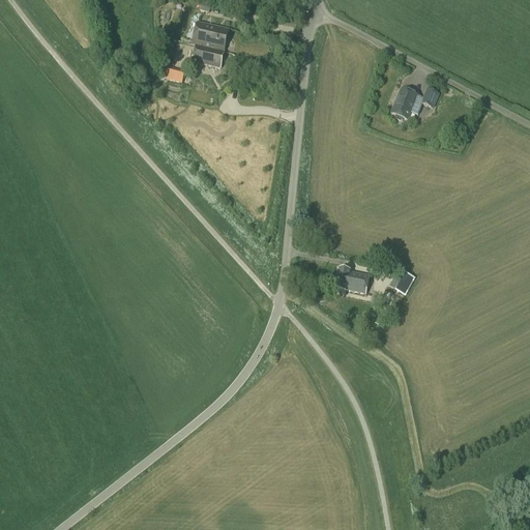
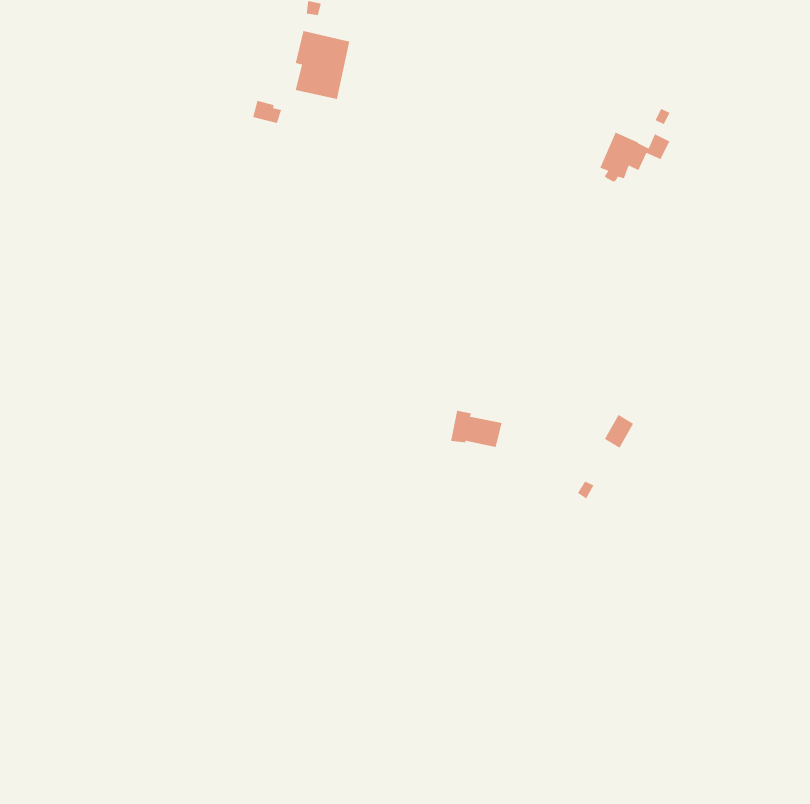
building: [335,266,370,291] -> [450,410,503,448]

